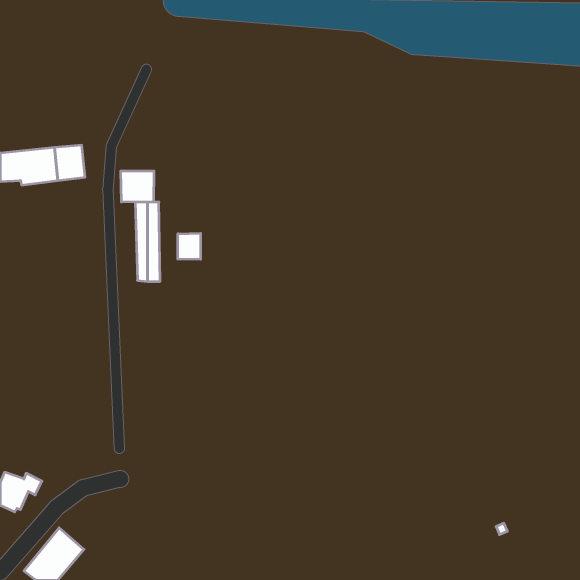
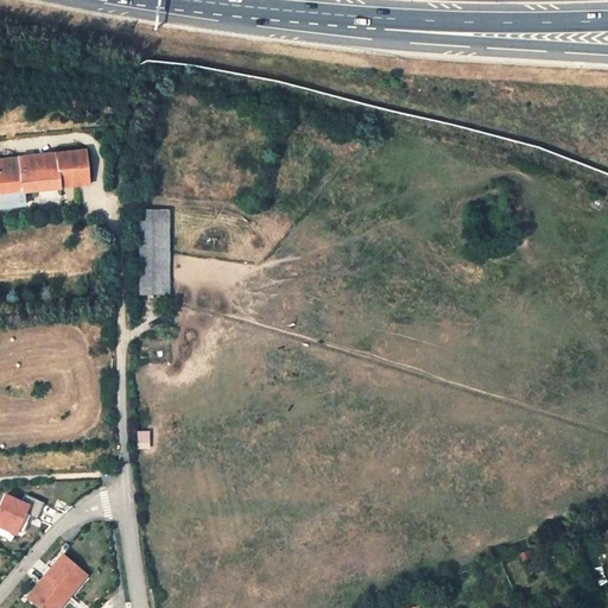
building: [121,171,154,202] -> none
building: [178,233,201,259] -> none

